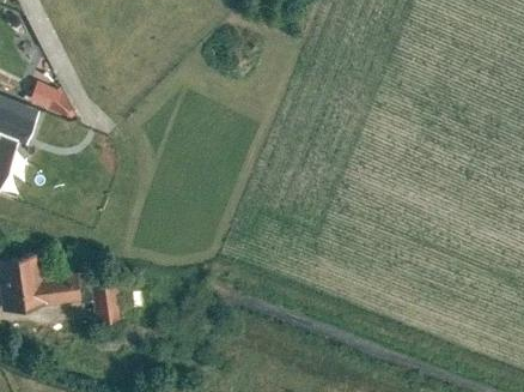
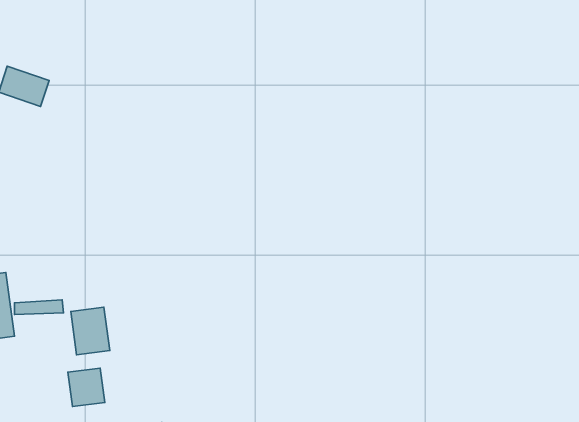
building: none -> [68,368,105,407]

